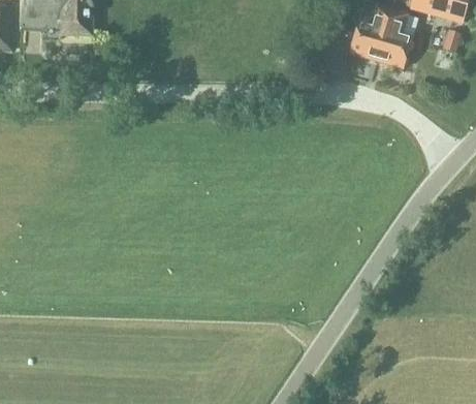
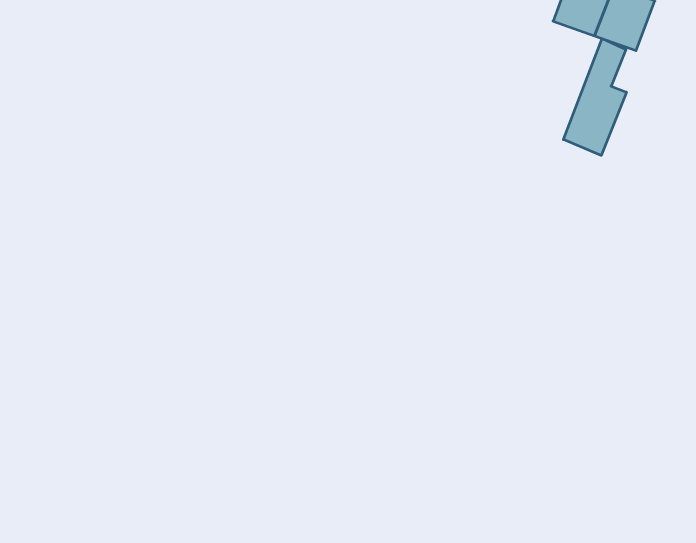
building: none -> [563,39,626,155]

